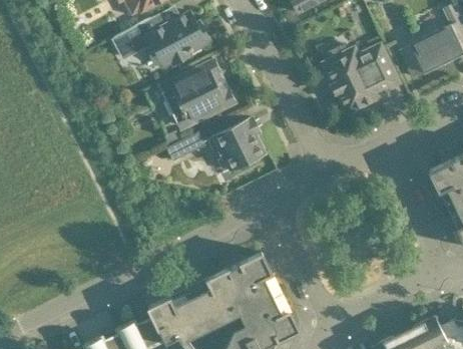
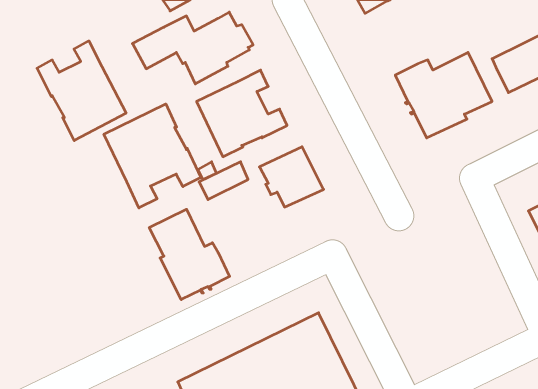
building: none -> [37,41,126,141]
building: none -> [104,104,201,208]
building: none -> [149,209,230,300]

